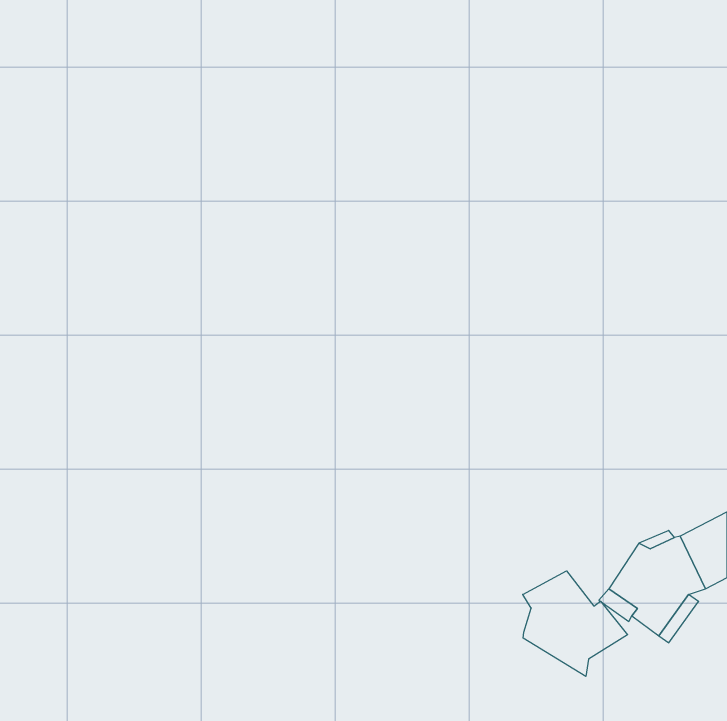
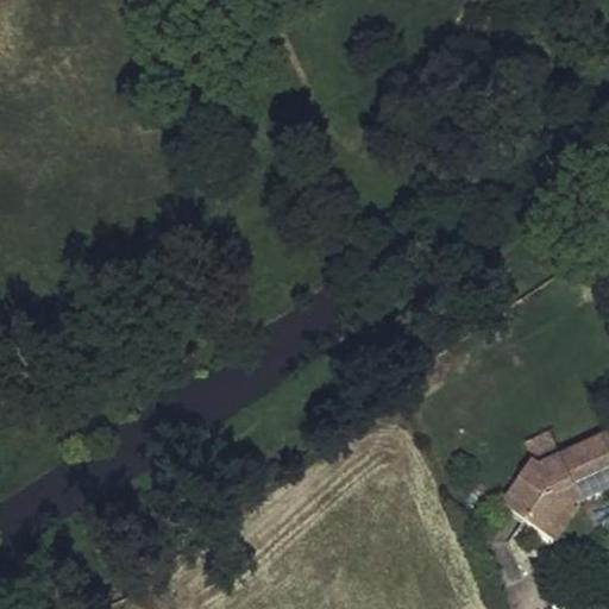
building: [523,571,628,676] -> none

